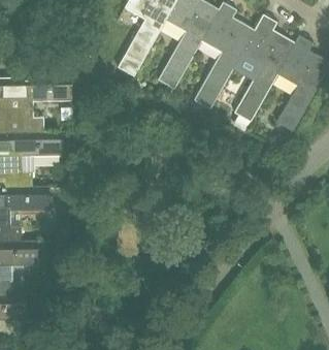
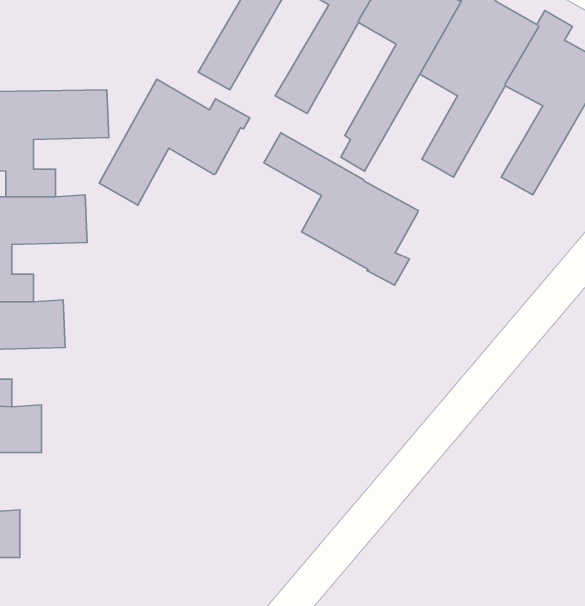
building: none -> [99,79,250,205]
building: none -> [264,133,418,285]

